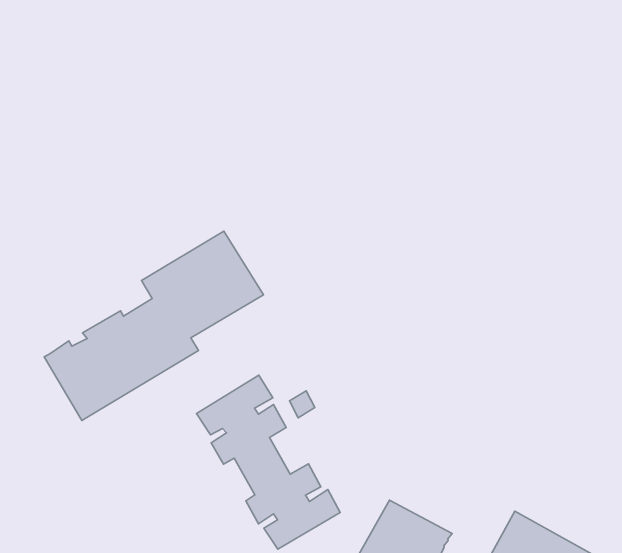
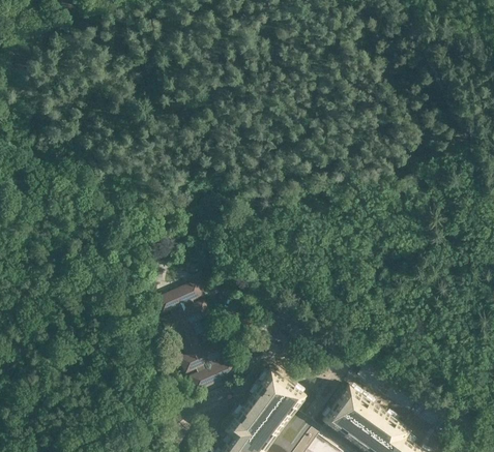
building: [44,231,263,421] -> none

